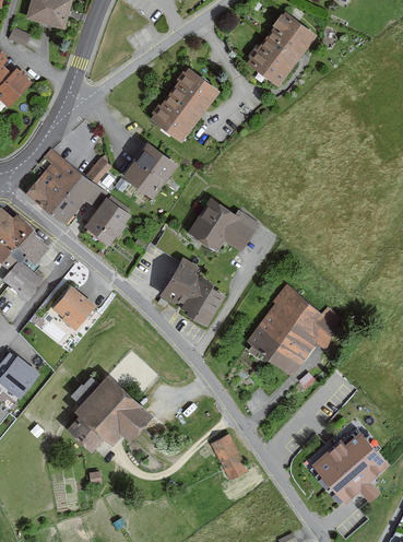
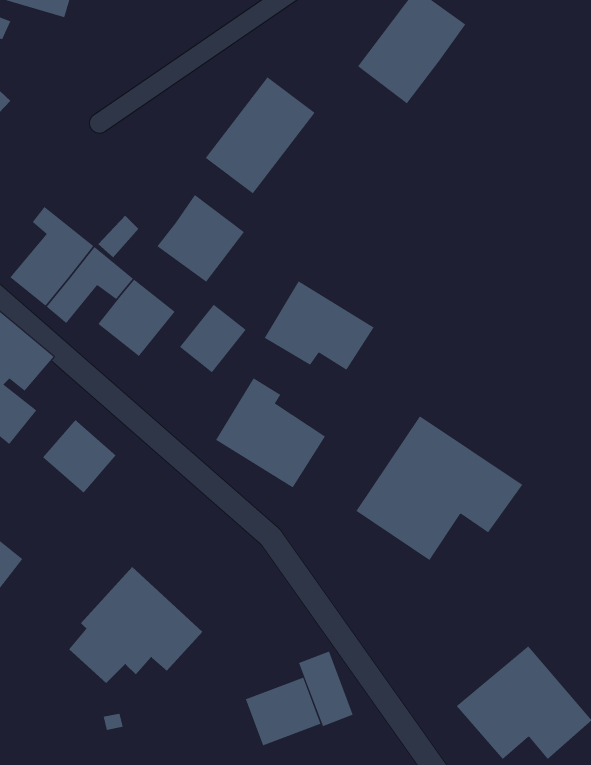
building: none -> [179,304,246,373]
building: none -> [245,677,321,746]

